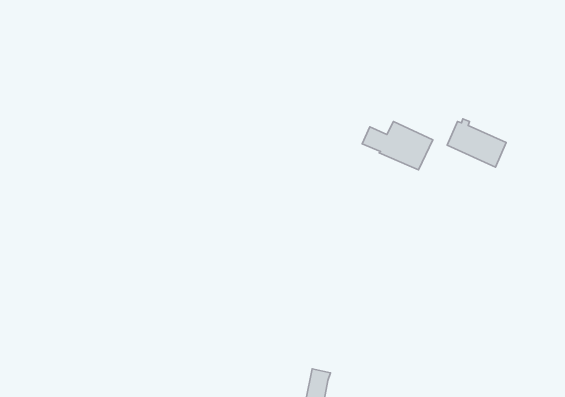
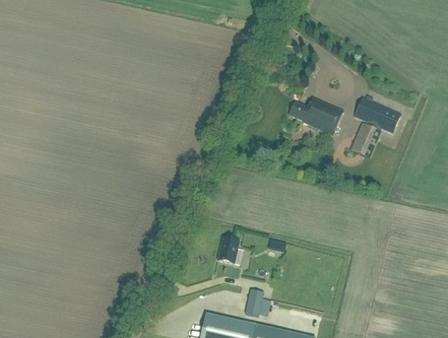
building: none -> [350,122,378,157]
building: none -> [217,236,242,264]

